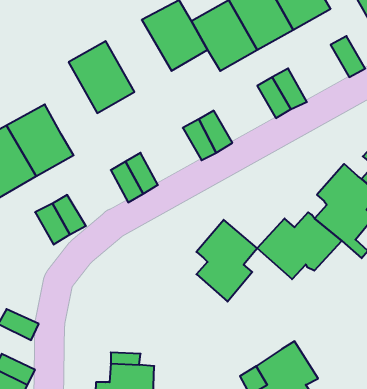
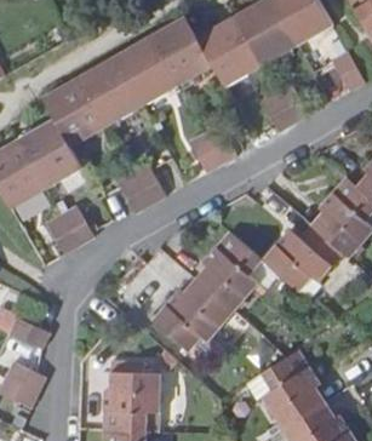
building: none -> [114,35,178,105]
building: none -> [42,76,105,147]
building: none -> [153,284,233,348]

